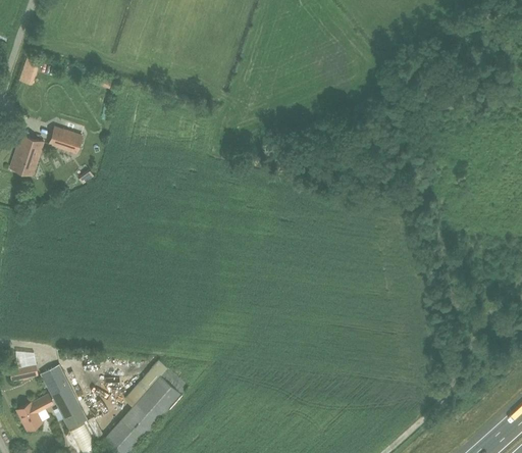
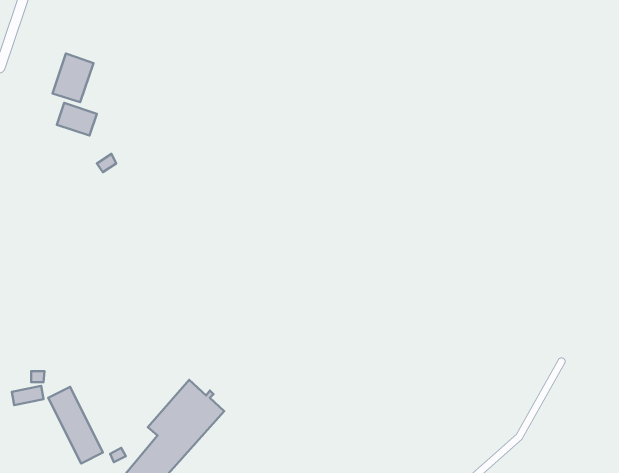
building: [9,135,44,175] -> [52,54,94,102]
building: [16,395,53,430] -> none

